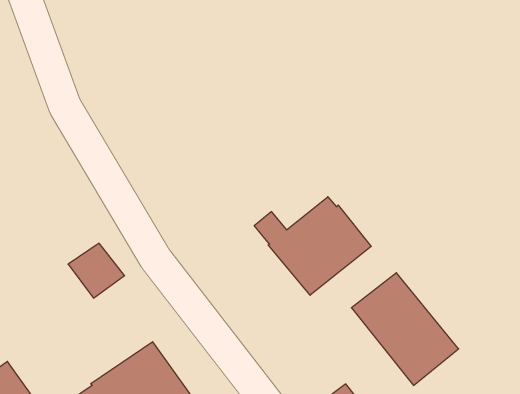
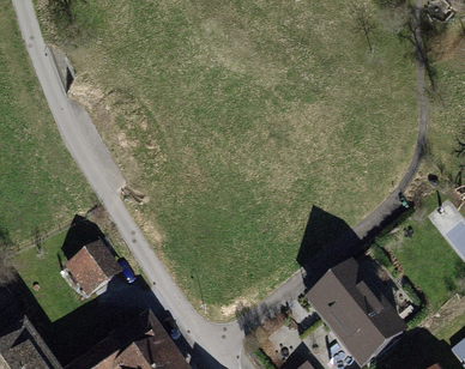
building: [254,197,371,295] -> none

